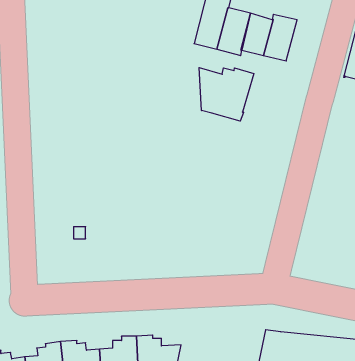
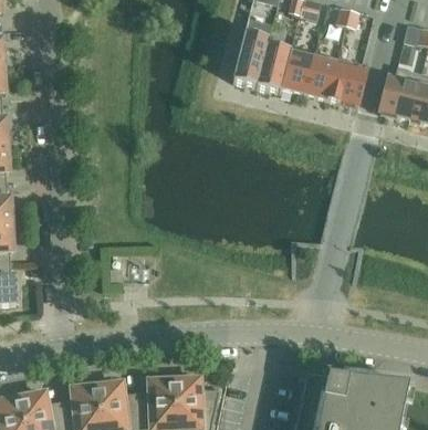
building: none -> [326,55,362,104]
building: [199,68,254,121] -> none

